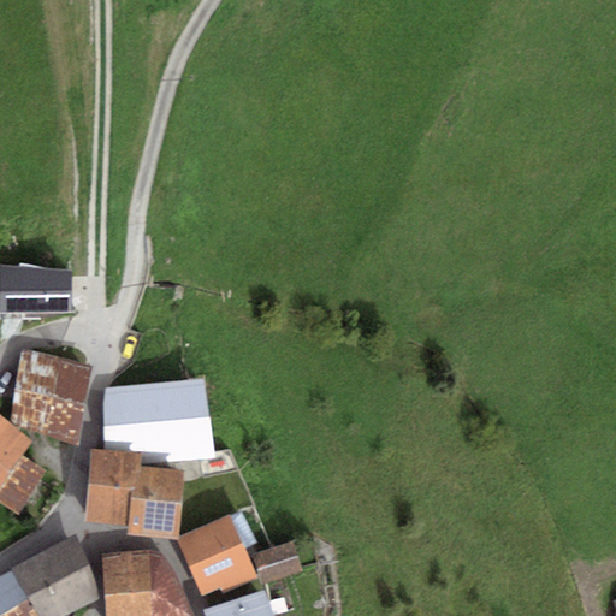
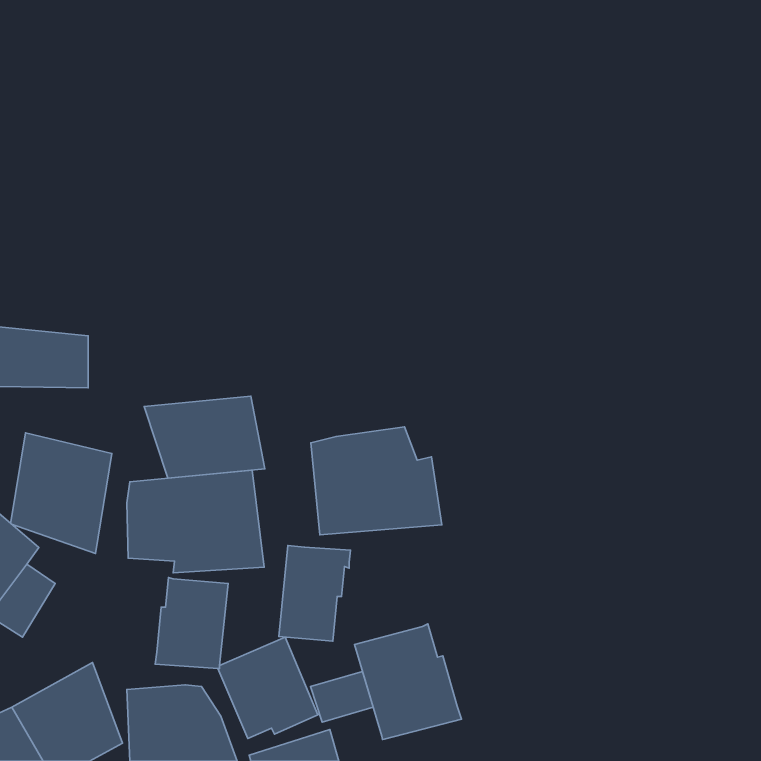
building: none -> [144,396,265,478]
building: none -> [311,427,442,535]
building: [83,449,141,526] -> [279,546,351,641]
building: none -> [355,624,461,740]

